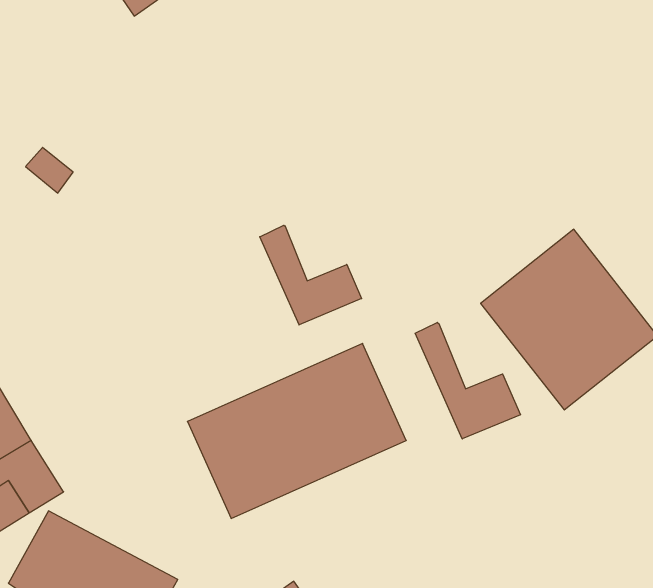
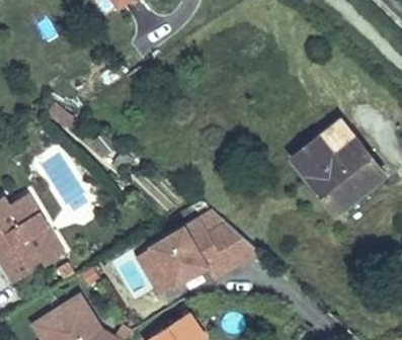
building: [260,225,362,325] -> none
building: [415,322,520,439] -> none

